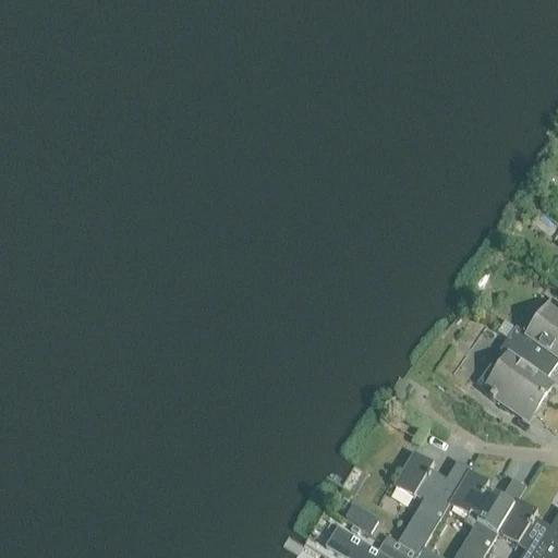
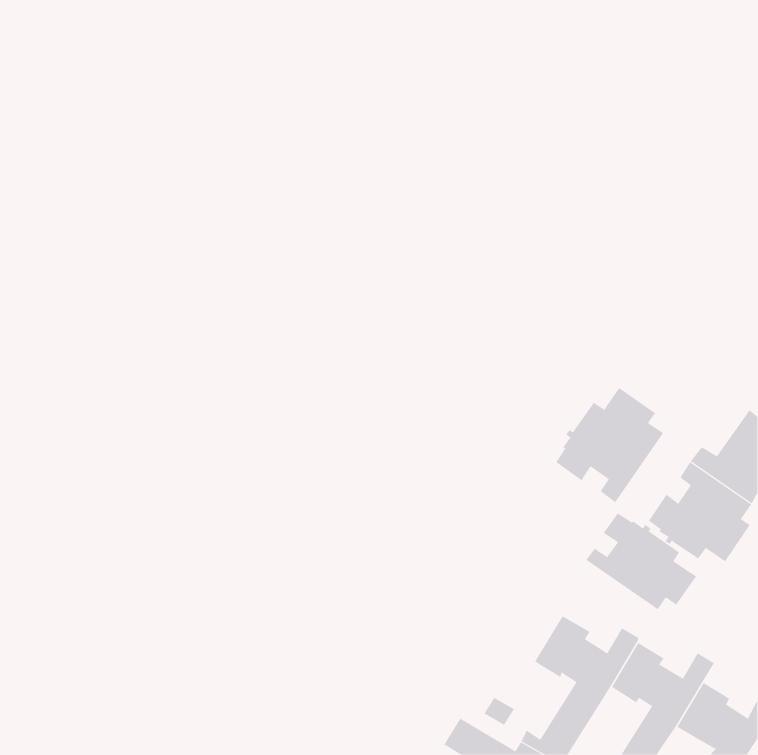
building: none -> [556,387,664,503]
building: none -> [585,512,697,610]

